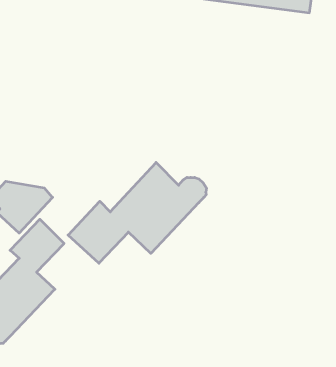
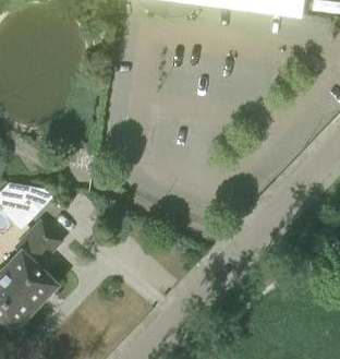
building: [68,162,207,263] -> none

